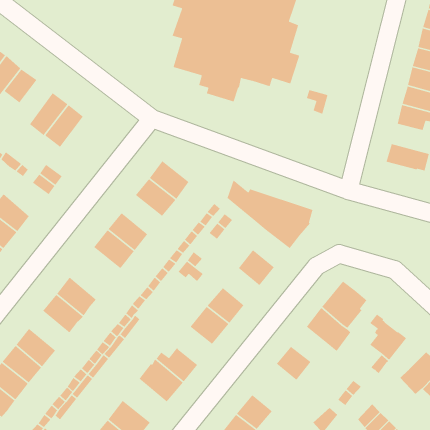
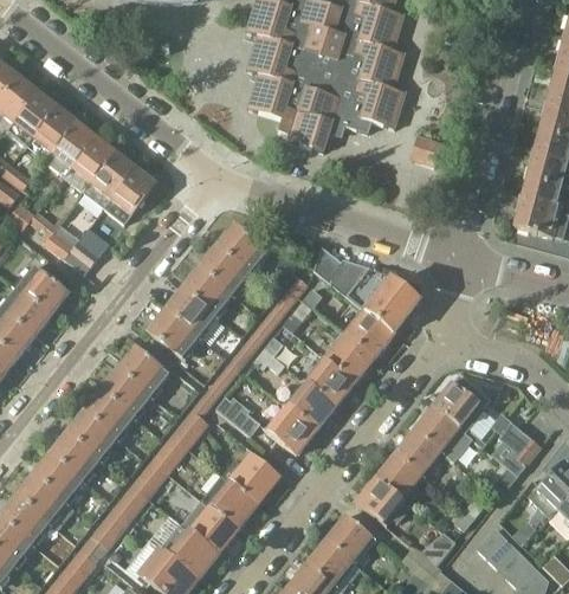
building: none -> [47,123,96,177]
building: none -> [105,169,155,224]
building: none -> [519,179,562,213]
building: none -> [182,267,233,316]
building: none -> [344,311,393,357]
building: none -> [117,349,168,398]
building: none -> [309,359,355,405]
building: none -> [214,396,260,435]
building: none -> [66,412,117,461]
building: none -> [394,432,439,476]
building: none -> [355,478,409,524]
building: none -> [183,497,239,551]

